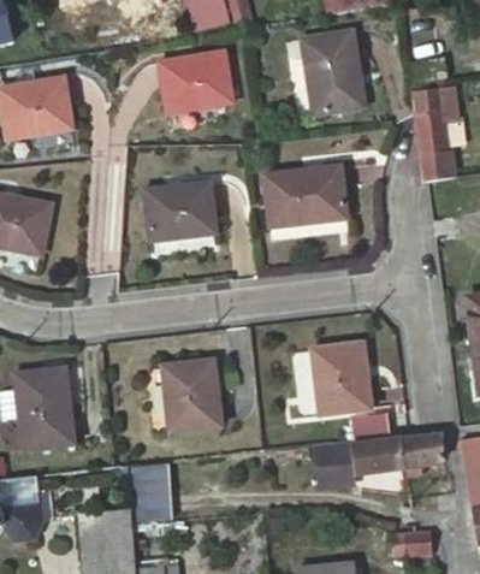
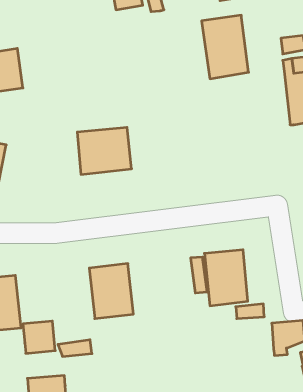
building: [161,51,237,112] -> none
building: [266,168,349,227] -> none
building: [312,437,401,487] -> none
building: [125,477,167,519] -> [23,321,55,353]

